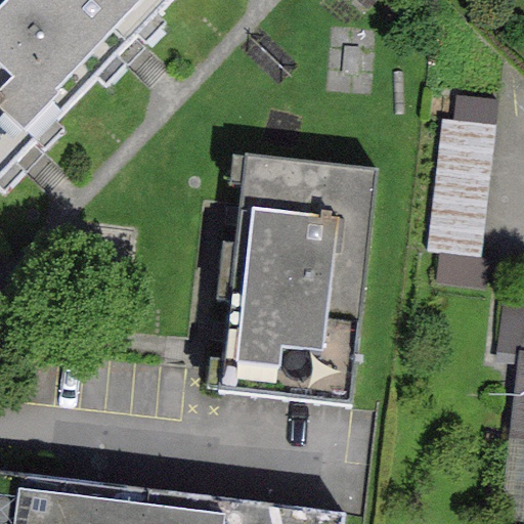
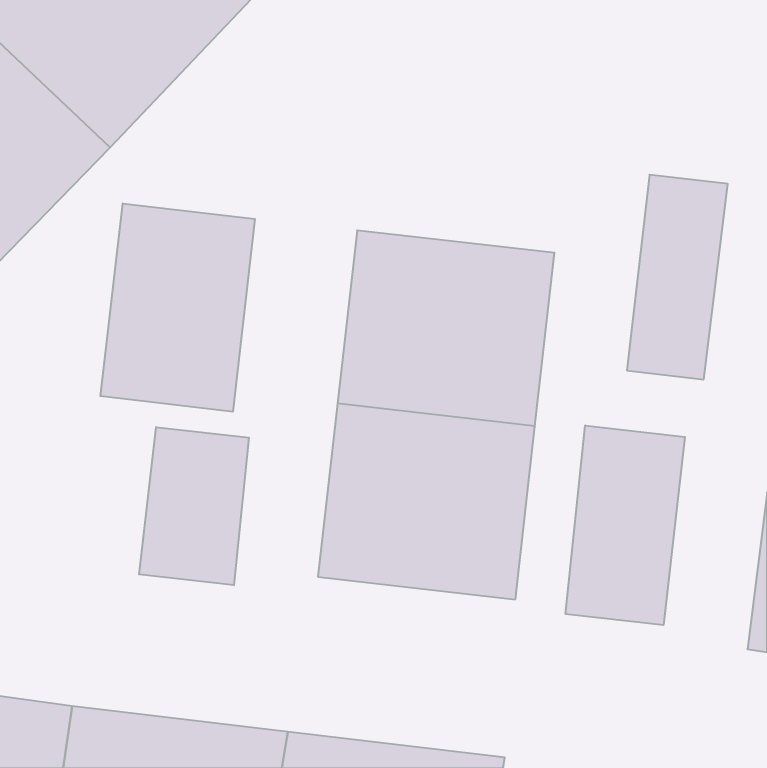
building: none -> [101,203,255,412]
building: none -> [566,425,685,625]
building: none -> [139,427,249,585]

